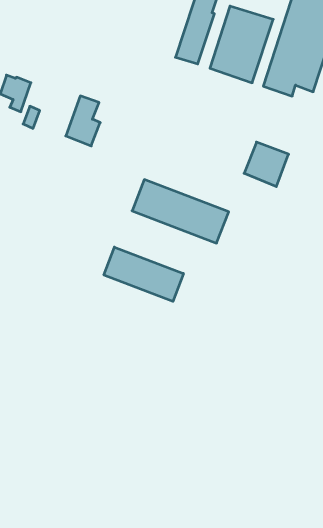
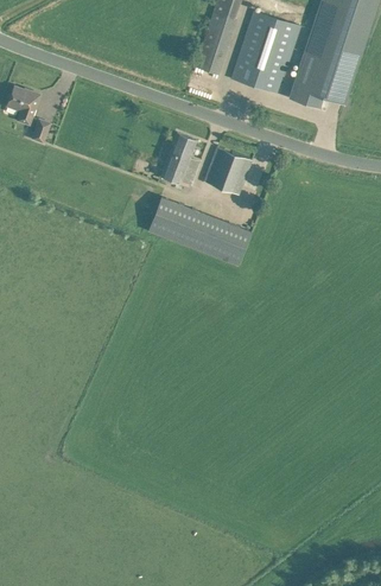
building: [66,96,100,146] -> [161,133,198,186]
building: [244,142,289,187] -> [204,147,252,195]
building: [104,247,183,301] -> none

